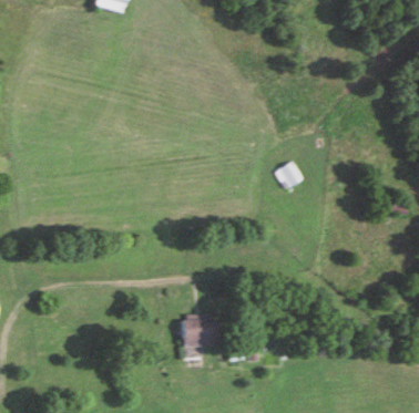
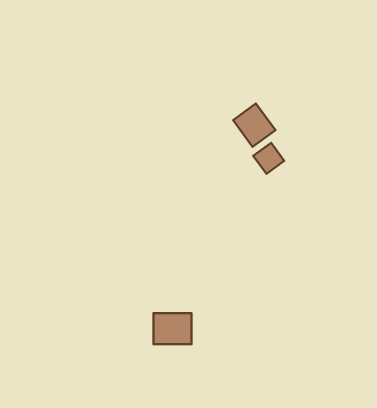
building: none -> [233,104,275,147]

